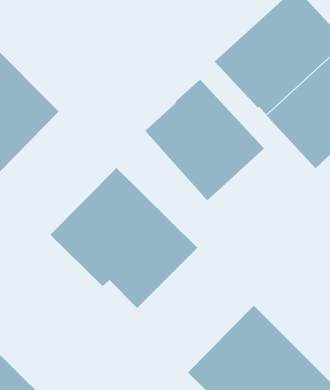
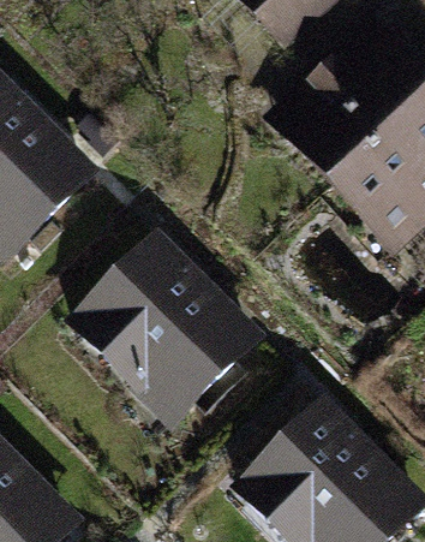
building: [145,79,265,201] -> none

